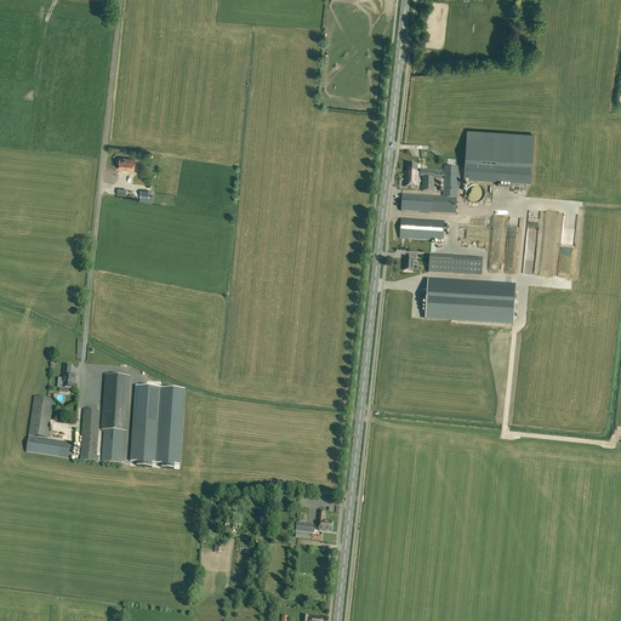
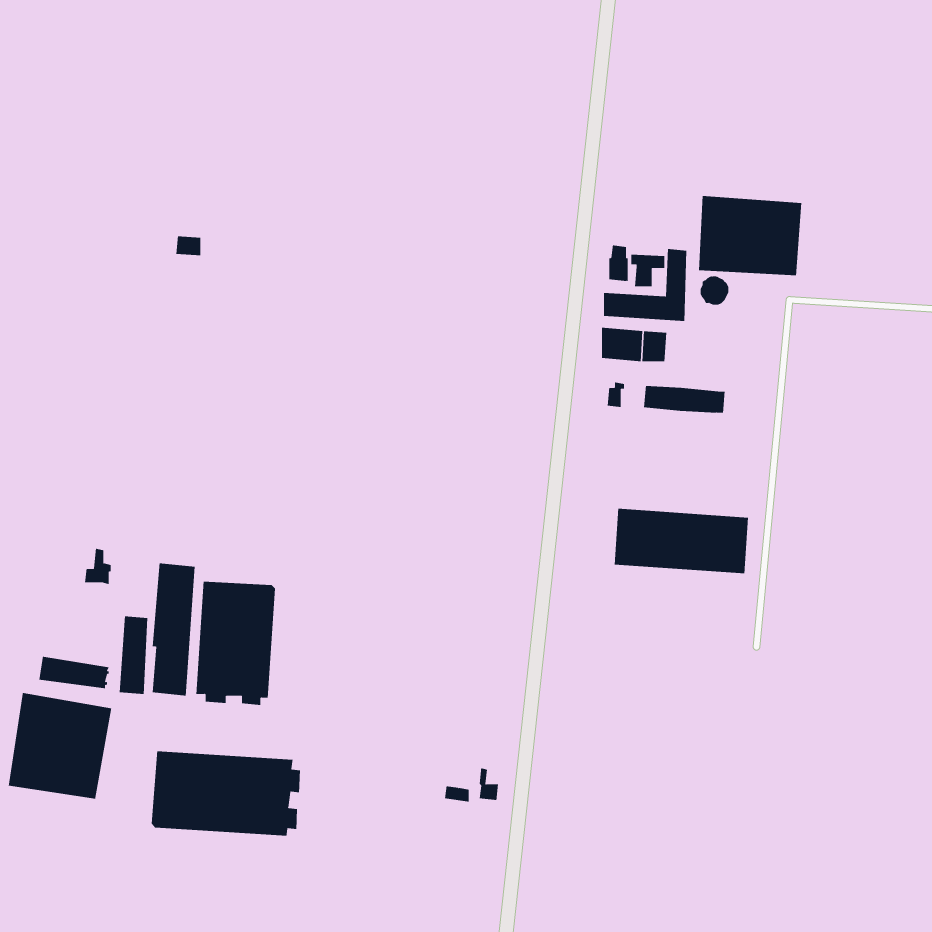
building: [425,279,514,323] -> [614,508,749,574]
building: [28,395,52,437] -> none
building: none -> [8,692,112,800]
building: none -> [151,750,301,836]

